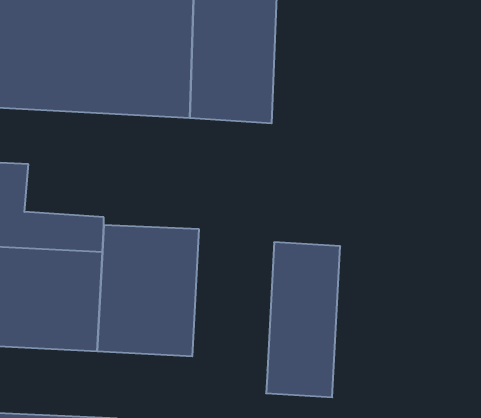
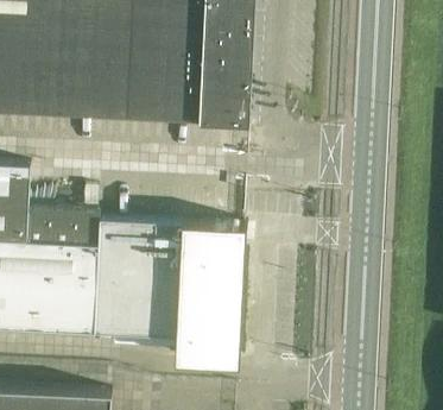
building: [266,242,340,397] -> [176,223,242,362]

